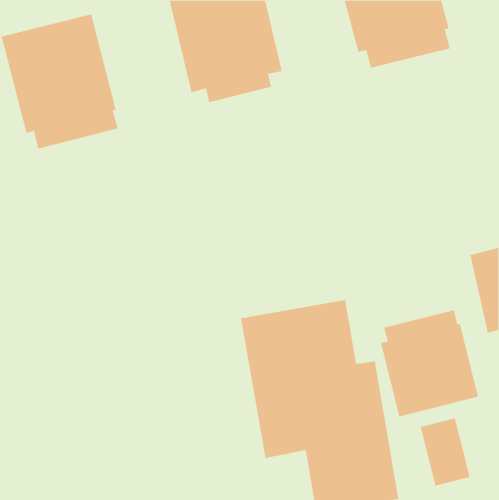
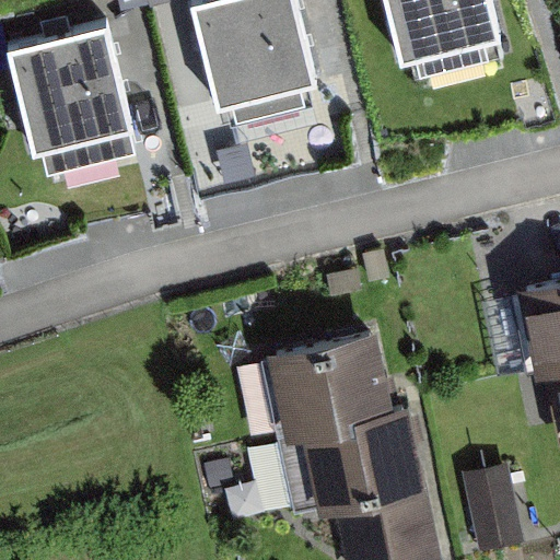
building: [380,310,478,417] -> none

